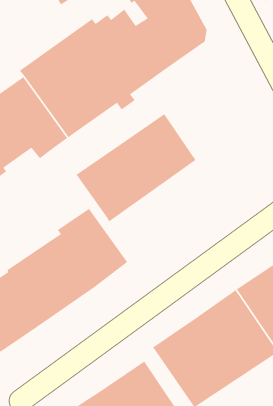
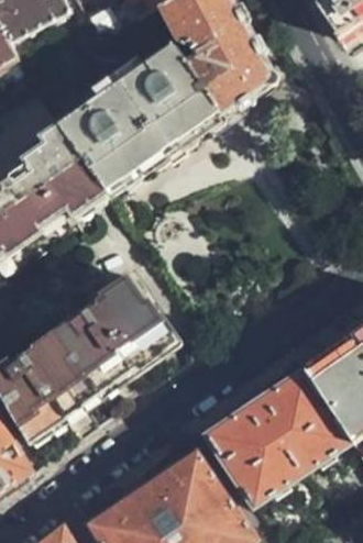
building: [75,113,196,222] -> none

